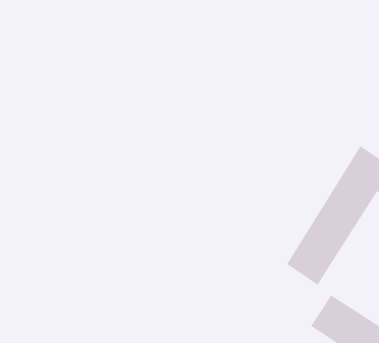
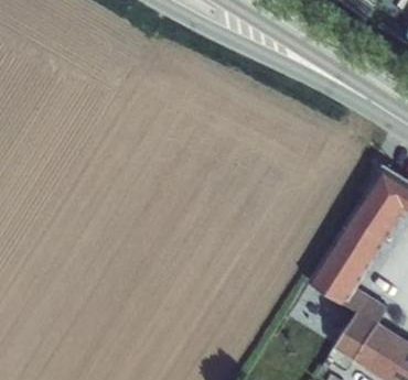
building: none -> [341,282,391,326]

